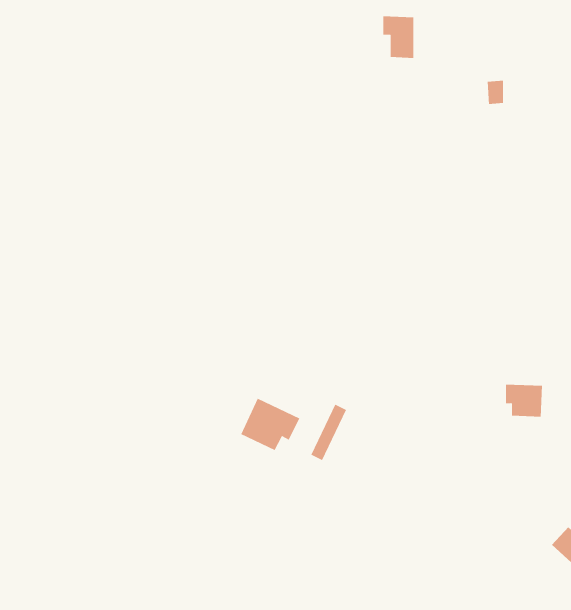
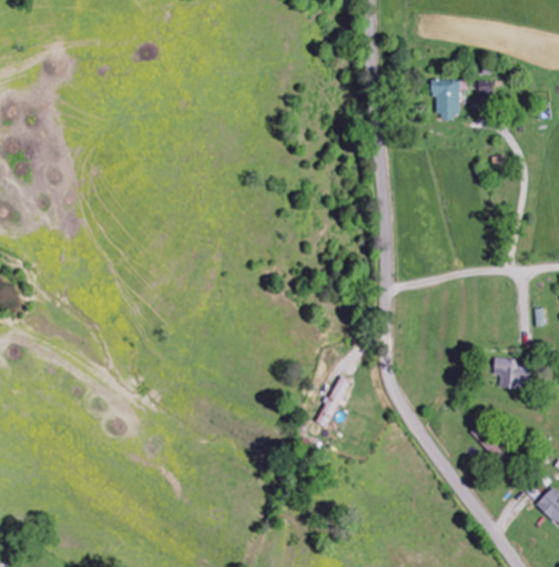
building: [383,16,414,58] -> [431,79,460,118]
building: [240,398,300,451] -> none

